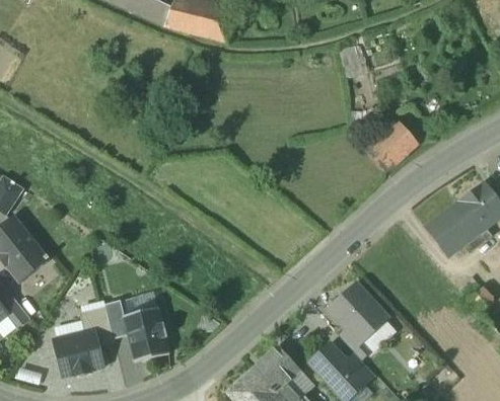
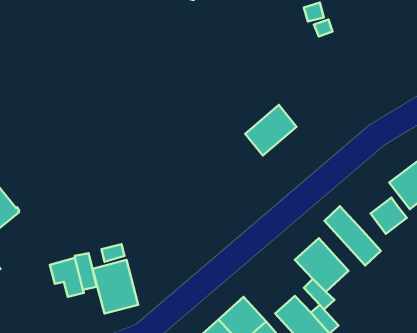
building: [364,118,417,170] -> [245,105,297,156]
building: none -> [370,198,407,234]
building: none -> [324,206,381,265]
building: [52,328,103,375] -> none

